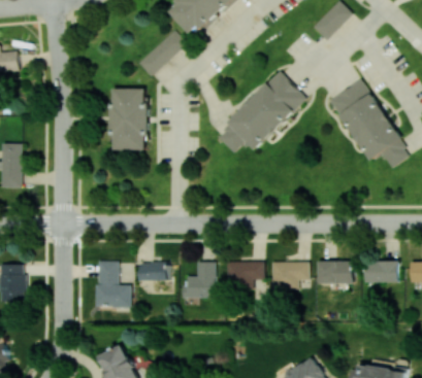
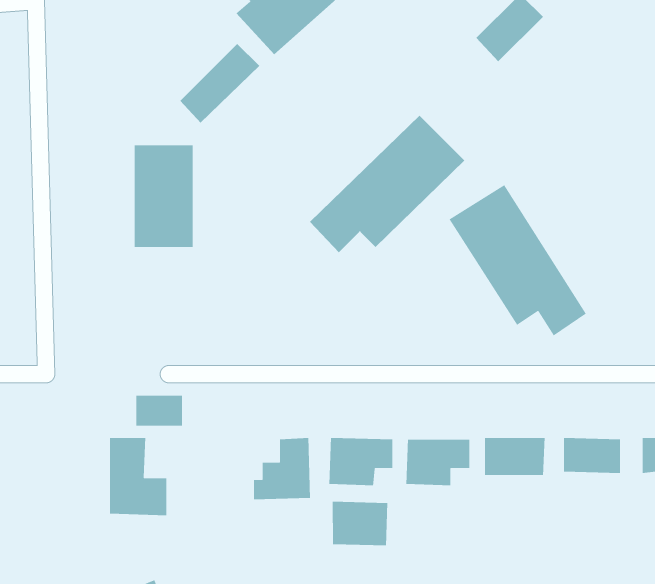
building: [328,78,410,168] -> [448,184,587,336]
building: [140,262,168,280] -> [135,395,183,426]
building: none -> [332,501,388,546]

